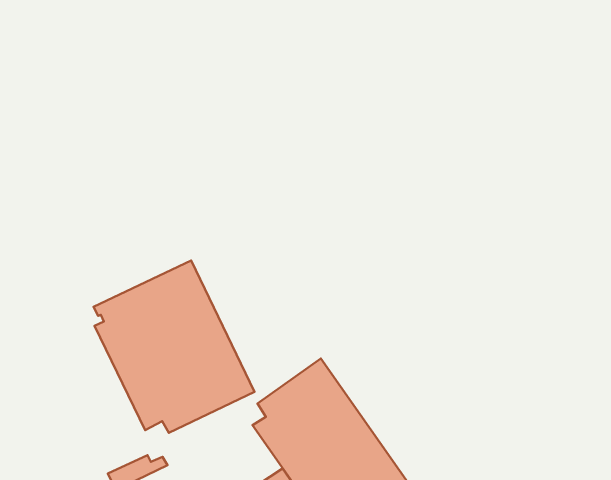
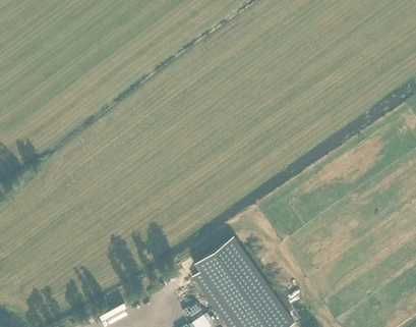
building: [93,261,255,433] -> none

